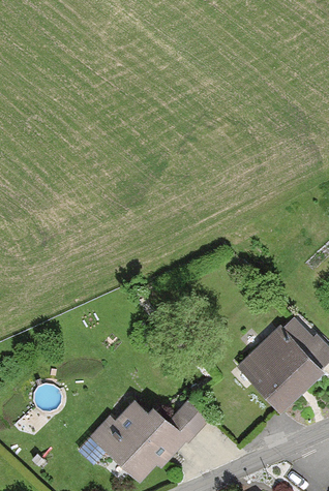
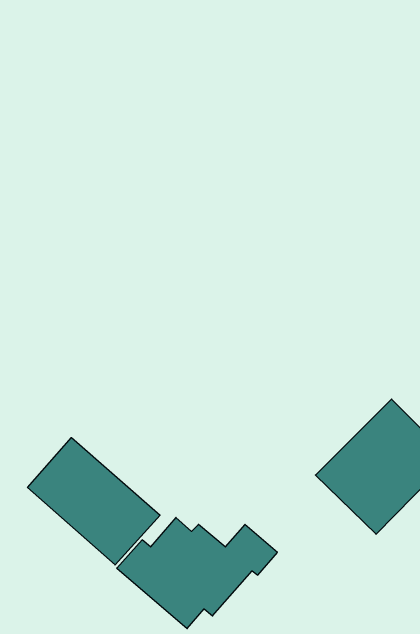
building: none -> [28,438,160,565]

